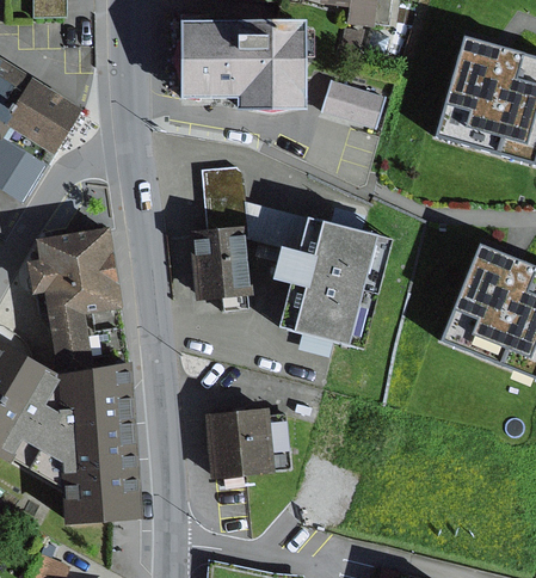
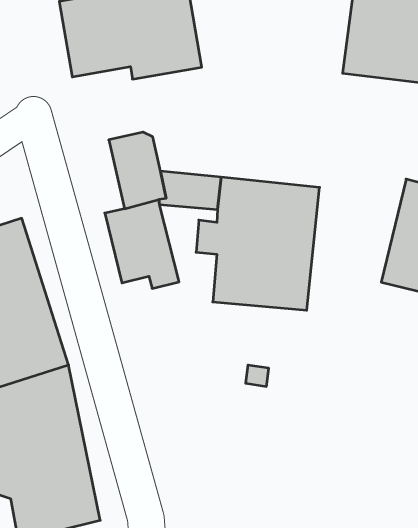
building: [321,75,382,122] -> none
building: [205,407,291,478] -> none

